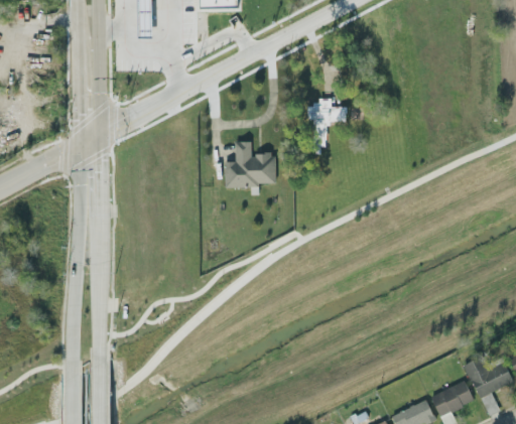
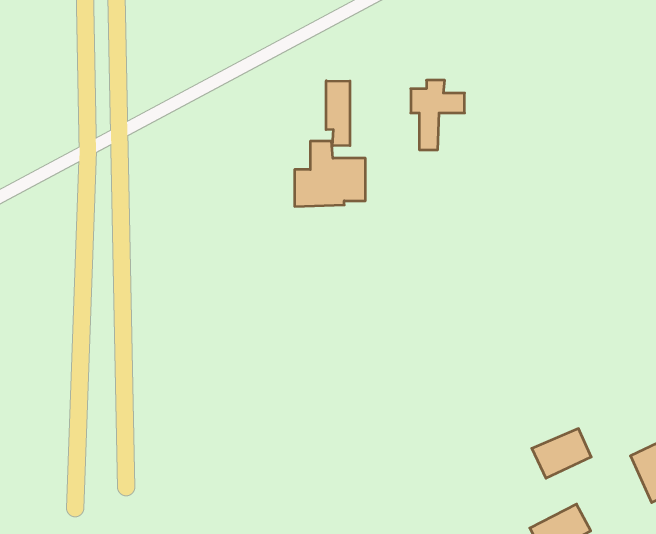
building: none -> [326,81,350,146]
building: [430,381,473,416] -> [532,429,591,478]

